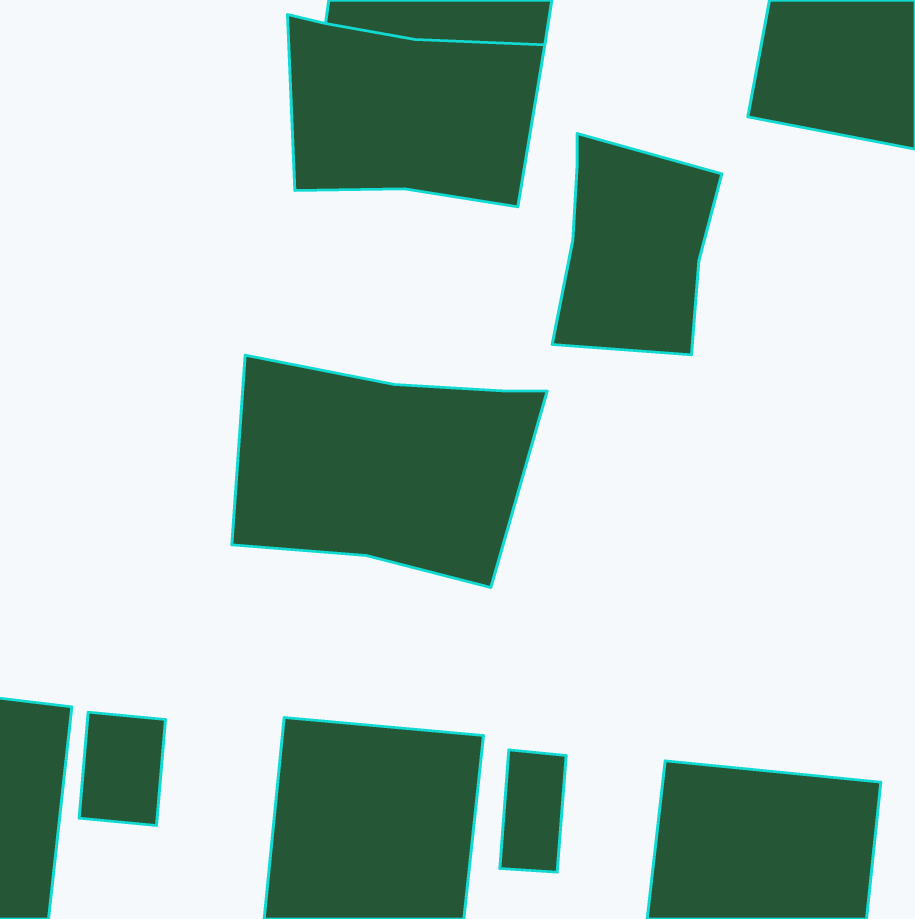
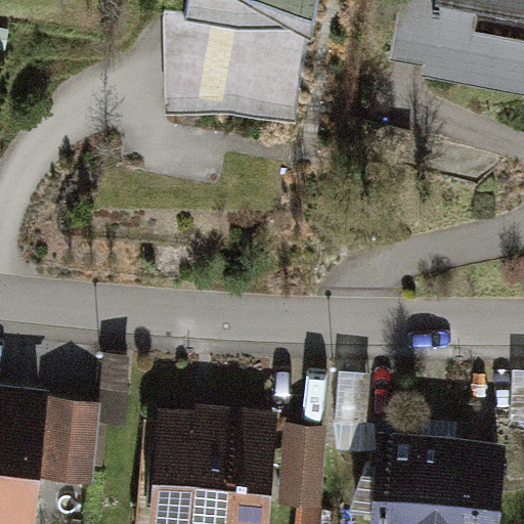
building: [552,134,722,355] -> none
building: [232,355,547,588] -> none

